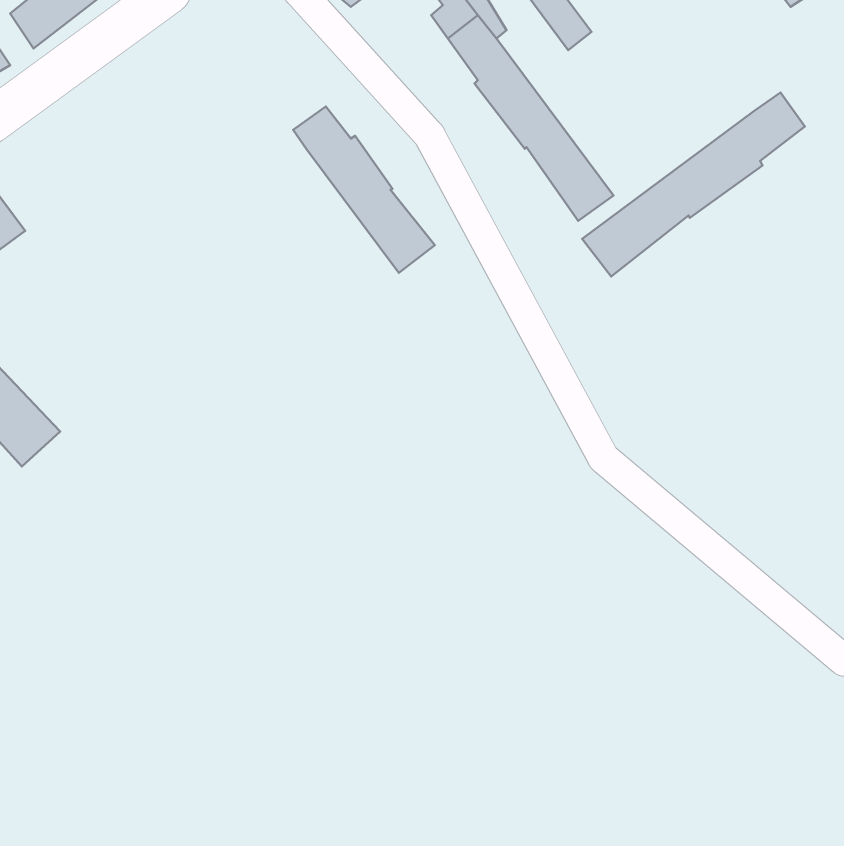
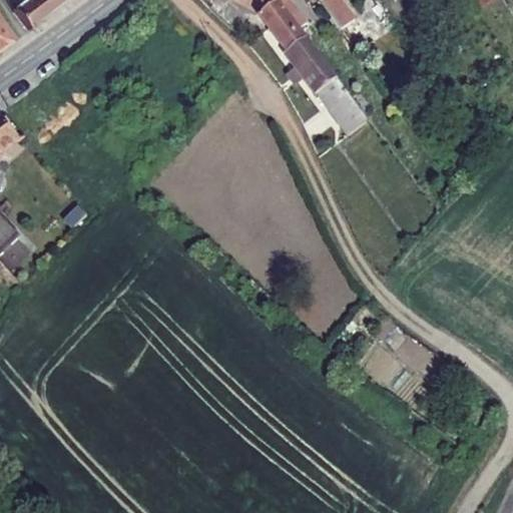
building: [582,92,805,276] -> none
building: [293,106,435,273] -> none

